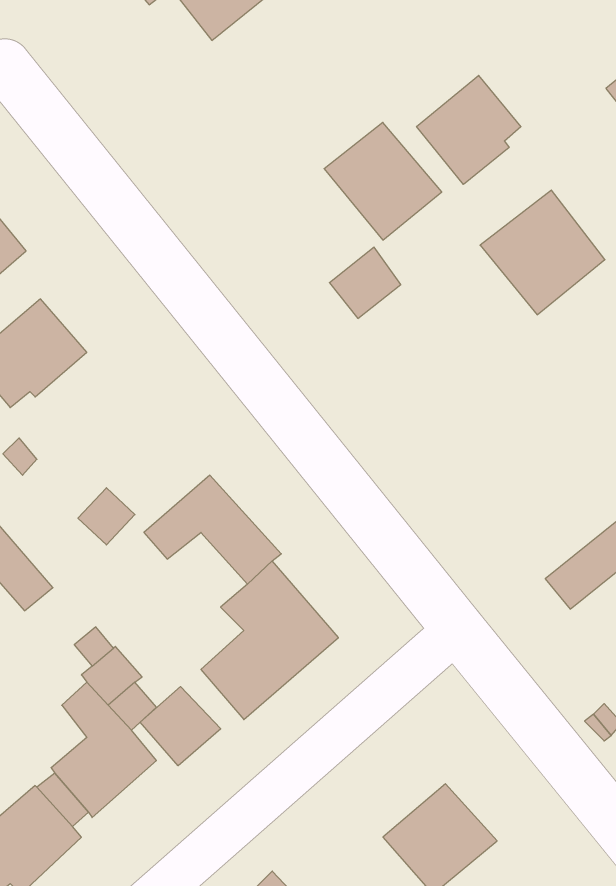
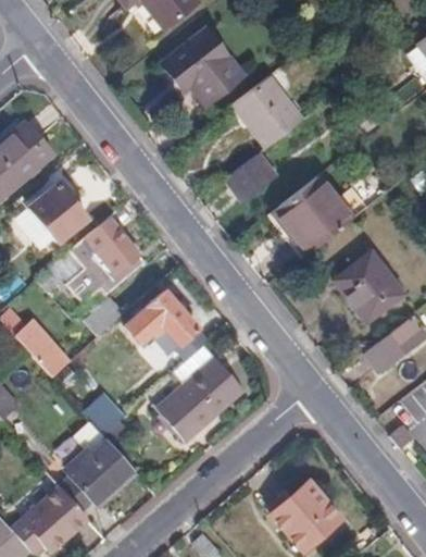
building: none -> [163,27,243,103]
building: [417,75,521,184] -> none
building: [480,190,605,315] -> [272,181,348,257]
building: none -> [67,227,127,301]
building: none -> [339,253,406,322]
building: [140,687,221,766] -> none

